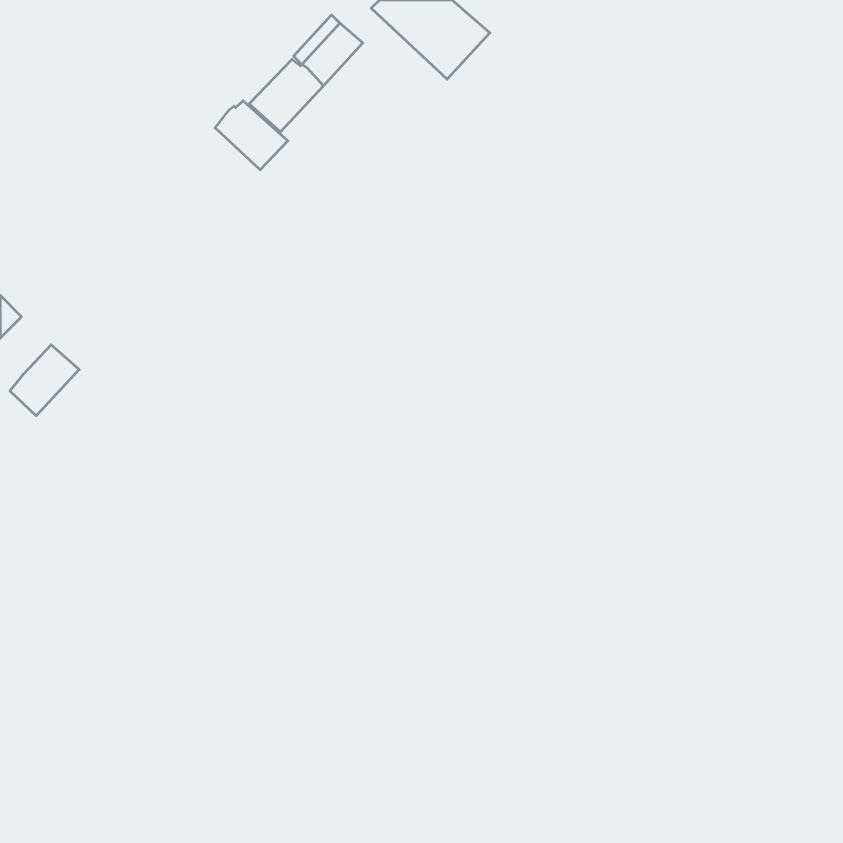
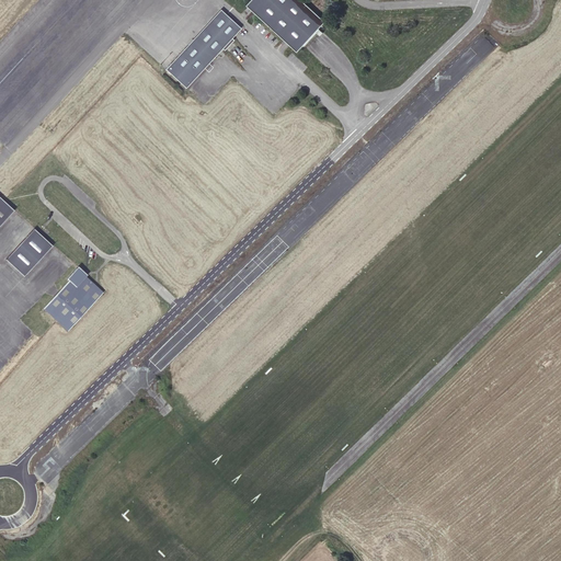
building: [215,101,288,170] -> none
building: none -> [44,266,103,331]

